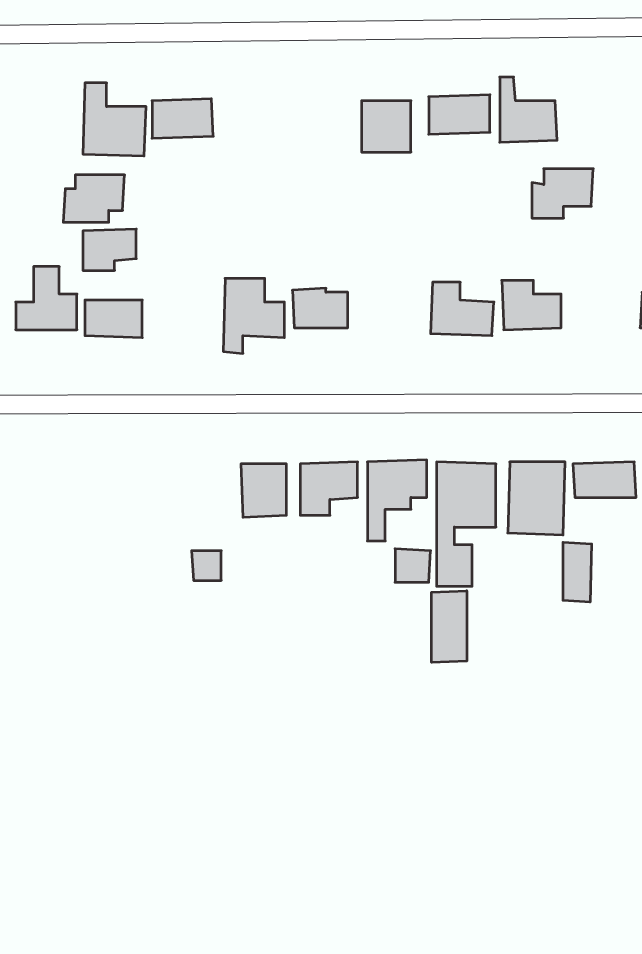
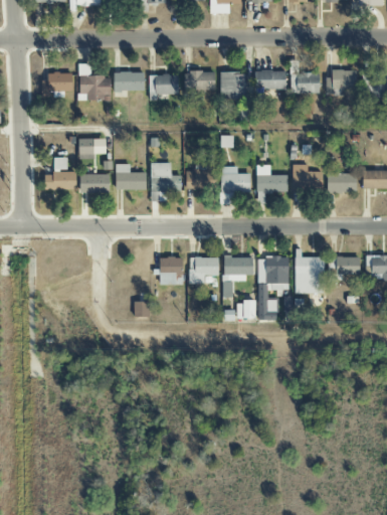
building: none -> [184,70,215,94]
building: none -> [149,73,178,101]
building: [532,169,593,218] -> [326,69,357,95]
building: [63,175,125,222] -> [41,72,72,97]
building: none -> [116,163,146,189]
building: none -> [222,166,250,193]
building: none -> [330,173,356,192]
building: [563,542,592,602] -> none
building: [432,591,467,662] -> none

